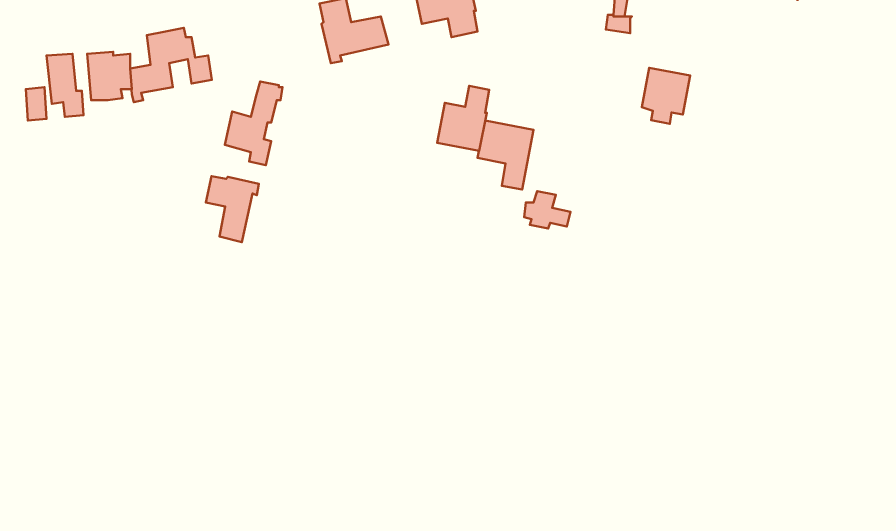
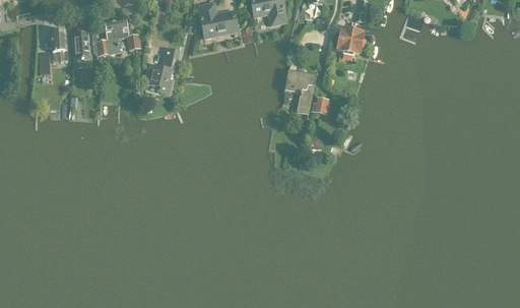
building: [642,68,690,124] -> [336,26,363,57]
building: [437,86,489,151] -> none
building: [206,176,259,242] -> none

